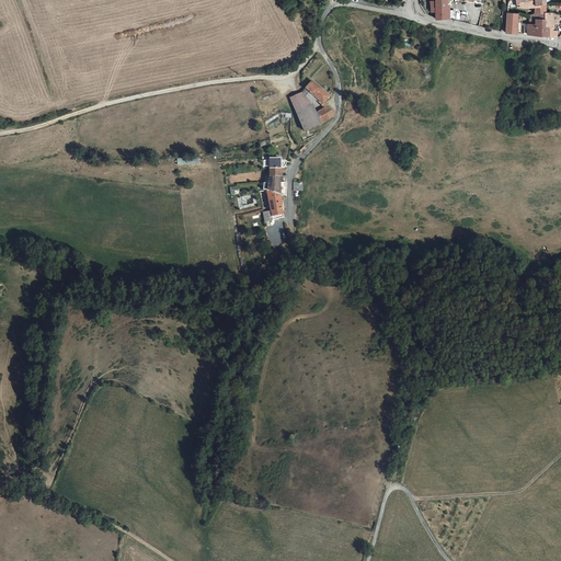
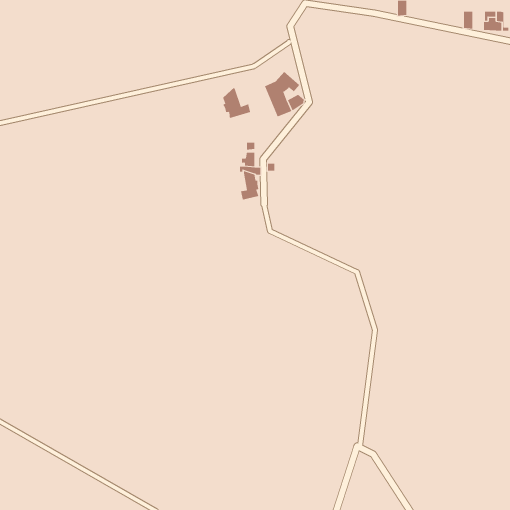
building: none -> [222,87,251,119]

